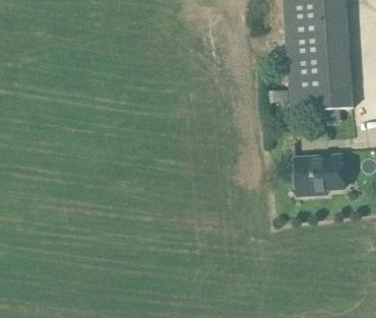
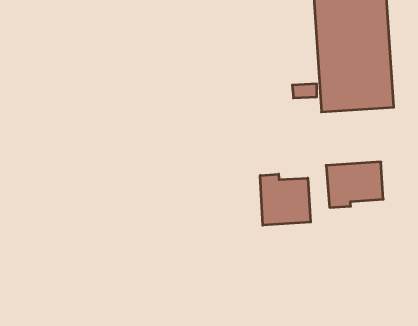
building: none -> [260,174,311,225]

